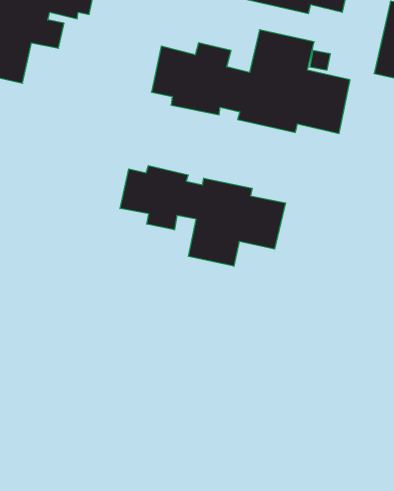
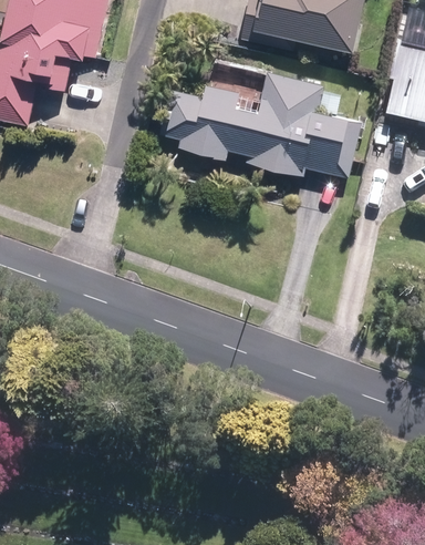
building: [120,166,285,266] -> none

